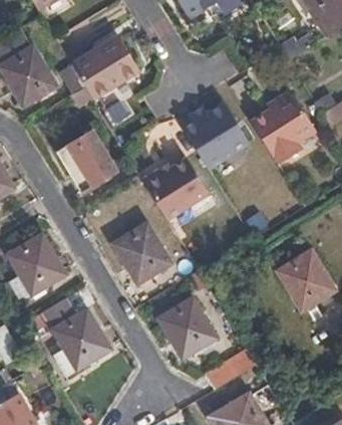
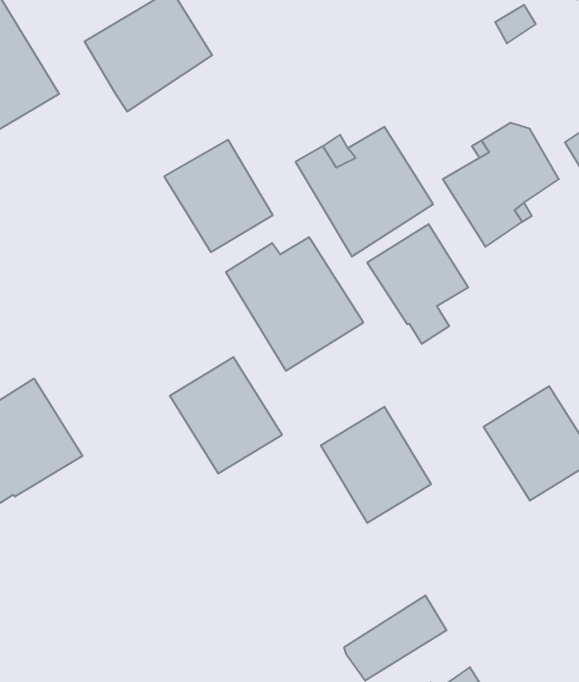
building: [59,132,115,190] -> [164,140,273,252]
building: none -> [367,224,468,344]
building: [159,297,217,358] -> [321,407,431,523]
building: [43,298,111,370] -> none

